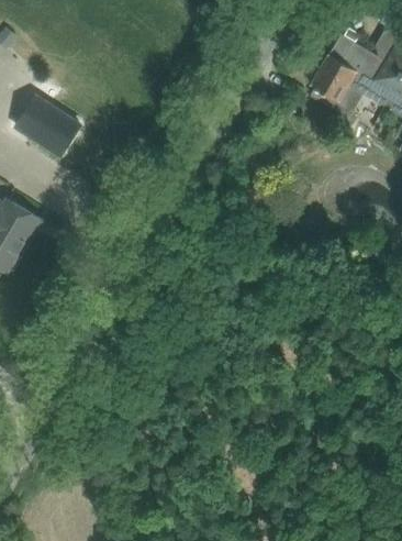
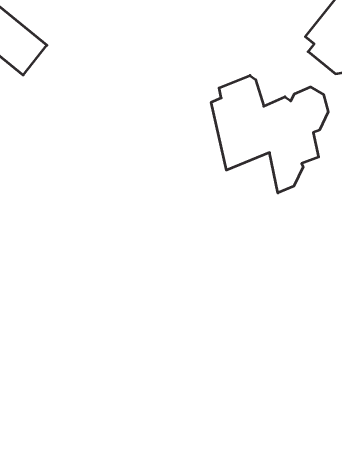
building: none -> [211,75,328,193]

